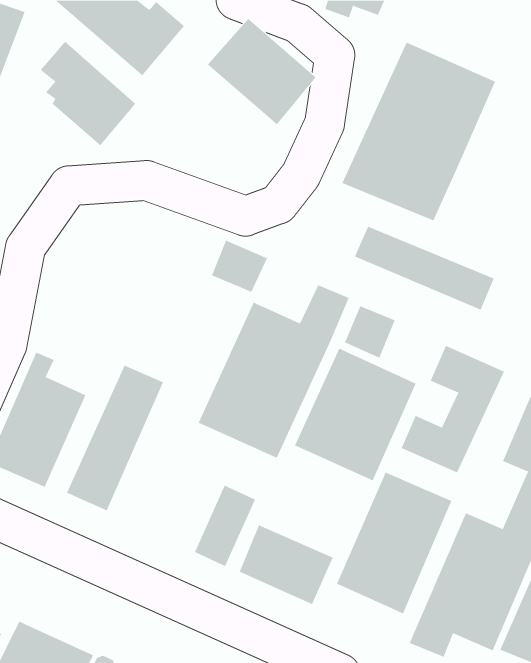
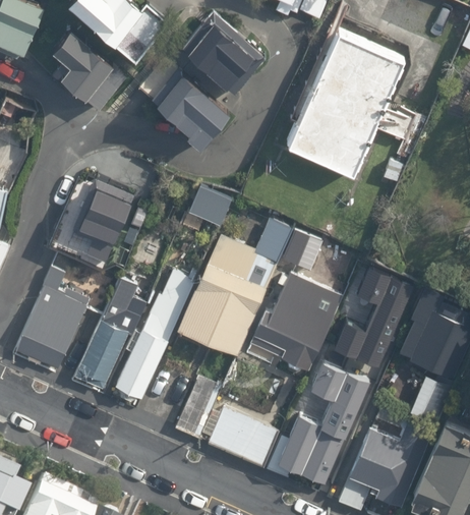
building: none -> [139,62,231,153]
building: [354,226,494,311] -> none
building: none -> [68,180,135,263]
building: none -> [110,274,190,407]

